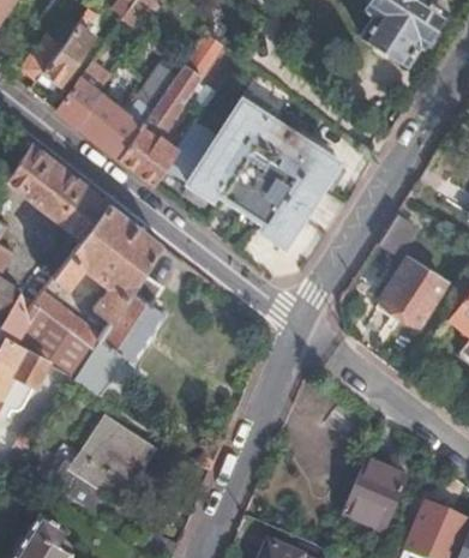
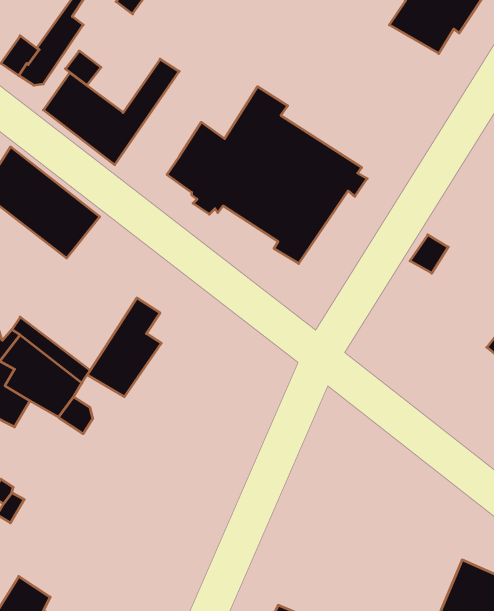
building: [122,34,221,185] -> none
building: [52,204,161,322] -> none
building: [381,257,446,324] -> none
building: [50,422,152,506] -> none
building: [342,460,408,532] -> none

